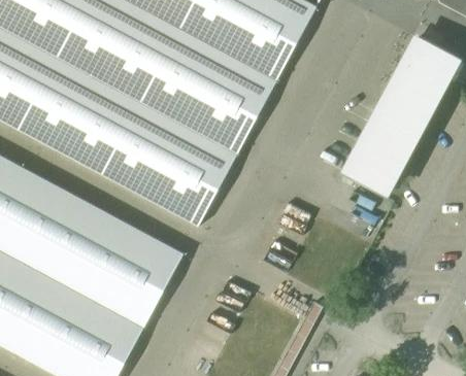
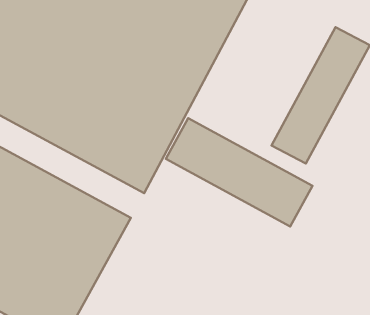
building: none -> [166,118,313,226]

